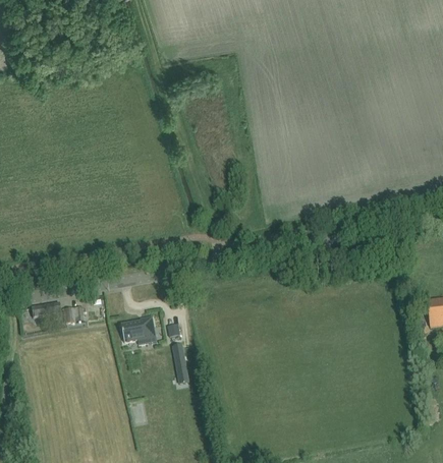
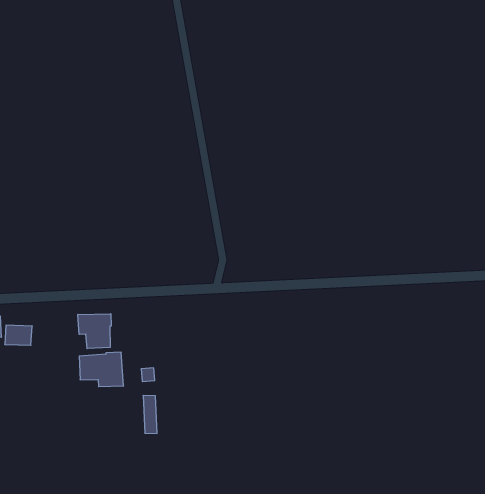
building: none -> [78,314,111,349]

